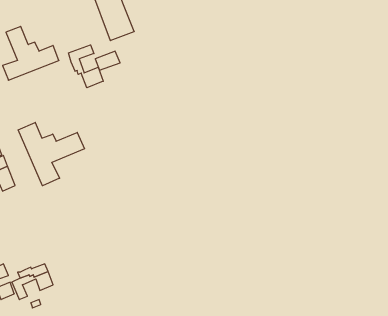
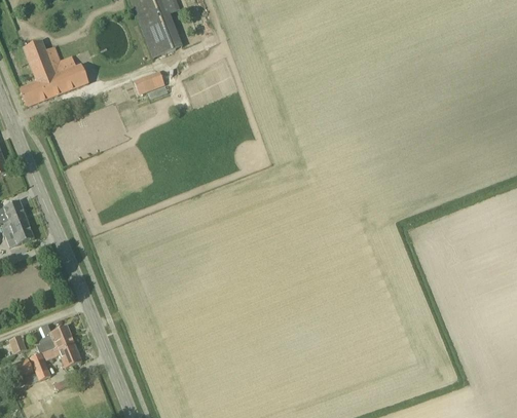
building: [68,45,103,88] -> none
building: [18,122,85,186] -> none
building: none -> [38,324,71,345]

